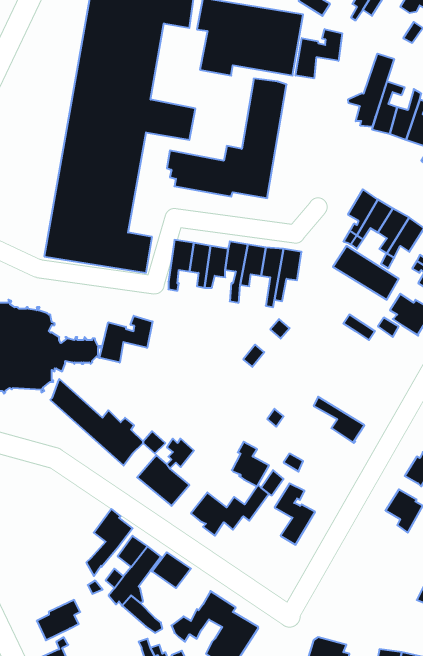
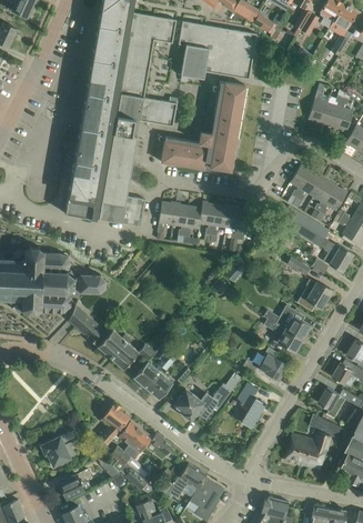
building: [296,29,342,78] -> none
building: [348,54,394,127] -> none
building: [100,316,153,363] -> none
building: none -> [298,280,331,311]
building: none -> [268,310,310,340]
building: [232,442,269,487] -> [259,348,286,381]
building: none -> [284,416,341,470]
building: none -> [40,431,77,466]

